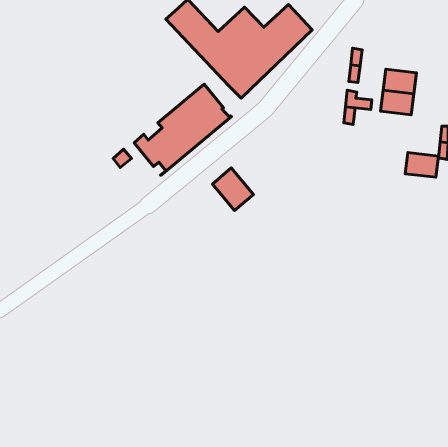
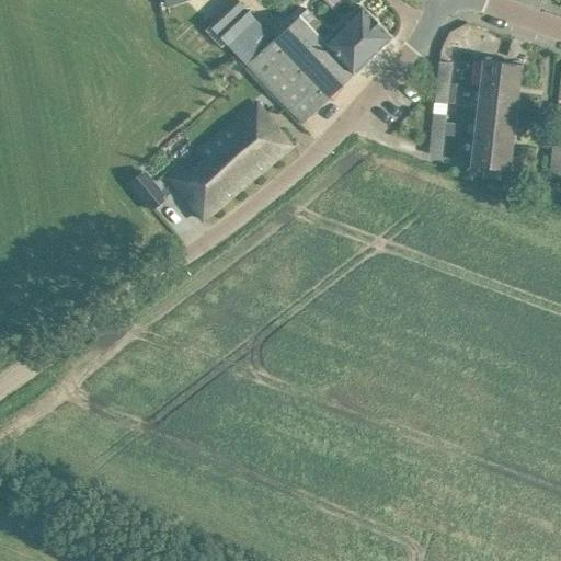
building: none -> [482,60,524,92]
building: [405,153,439,177] -> [472,140,514,171]
building: [212,168,253,211] -> none

